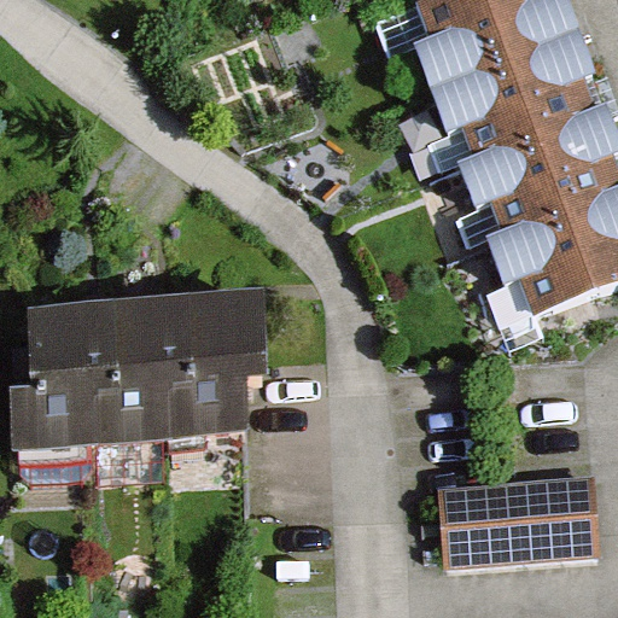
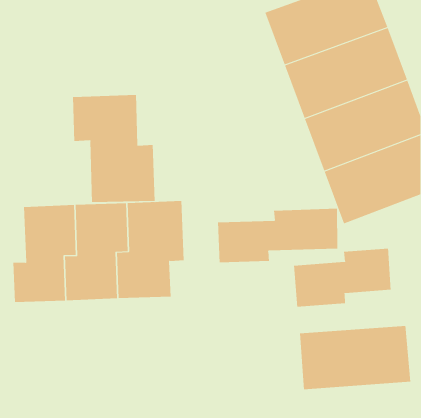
building: none -> [73,94,155,203]
building: none -> [218,208,338,263]
building: none -> [294,248,391,307]

